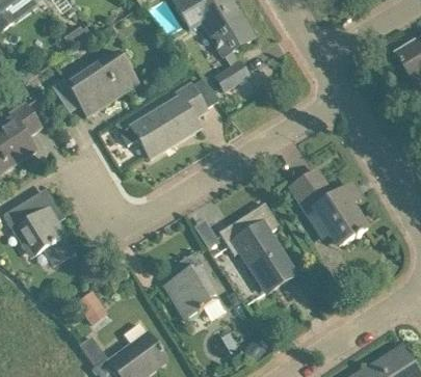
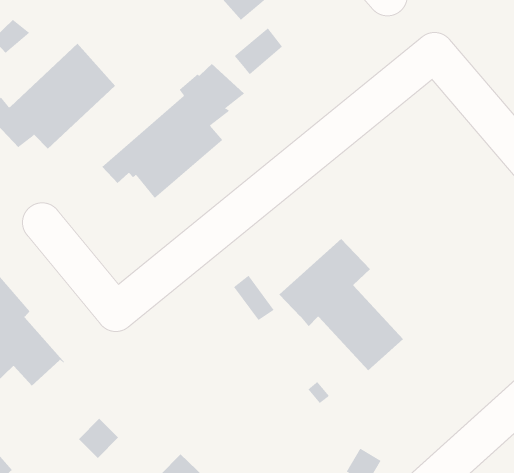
building: [289,168,367,248] -> none
building: [165,251,217,318] -> none

